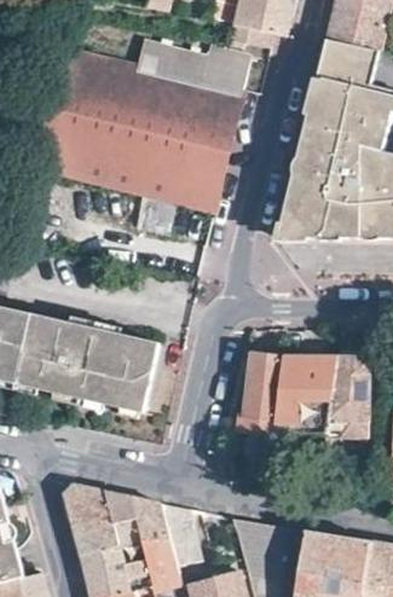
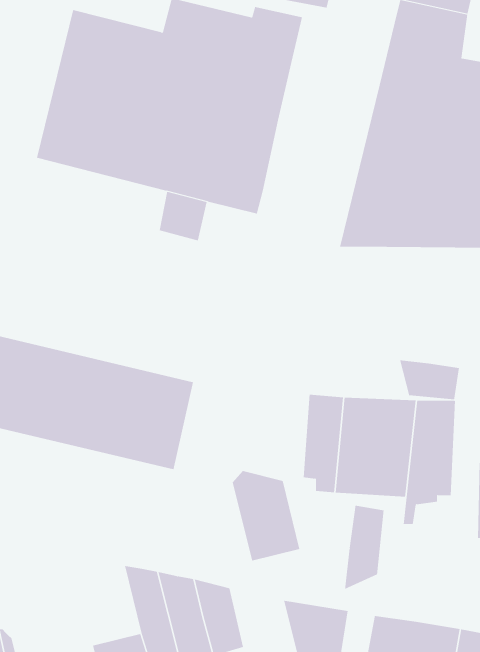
building: none -> [400,360,459,400]
building: none -> [345,505,384,590]
building: [65,482,120,555] -> [232,470,300,561]

